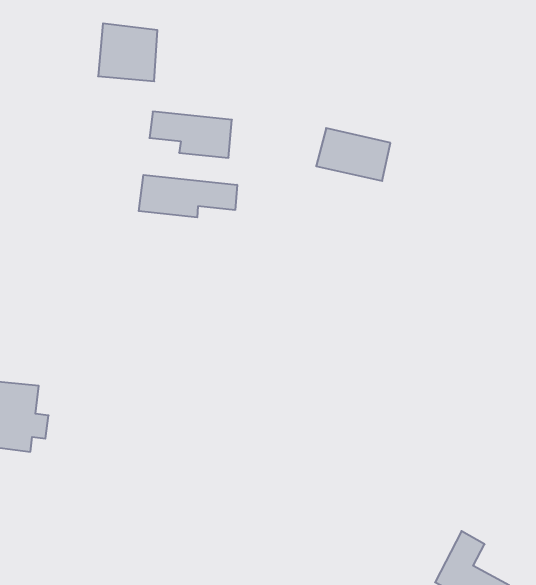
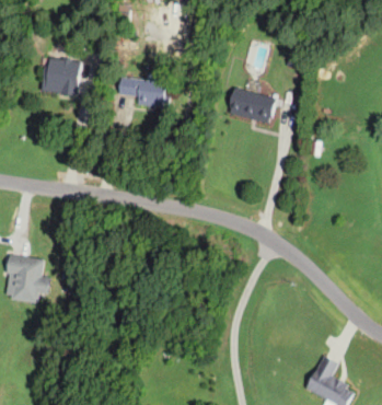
building: [98,23,157,81] -> [42,57,81,95]
building: [139,175,237,217] -> none

